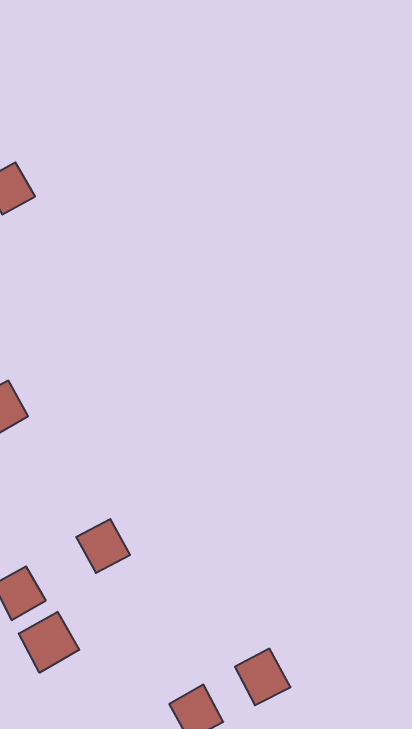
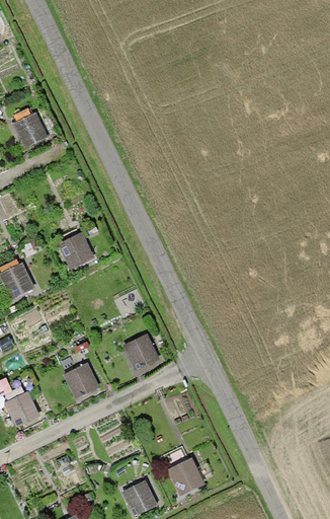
building: none -> [57,231,94,270]
building: none -> [121,333,159,371]
building: [19,612,79,673] -> none

